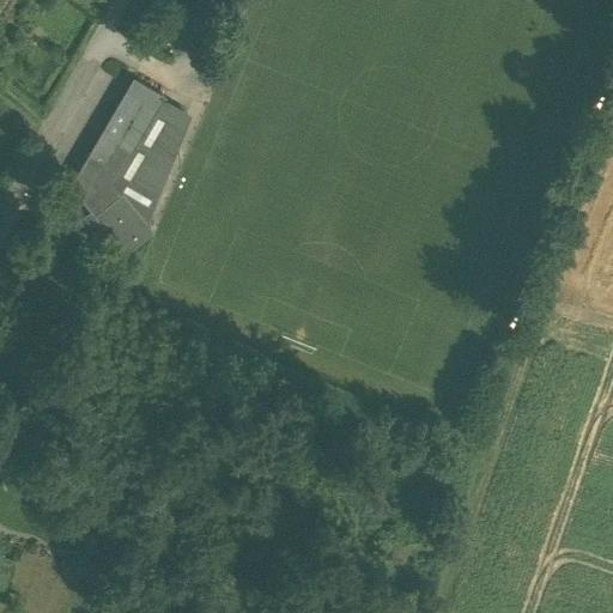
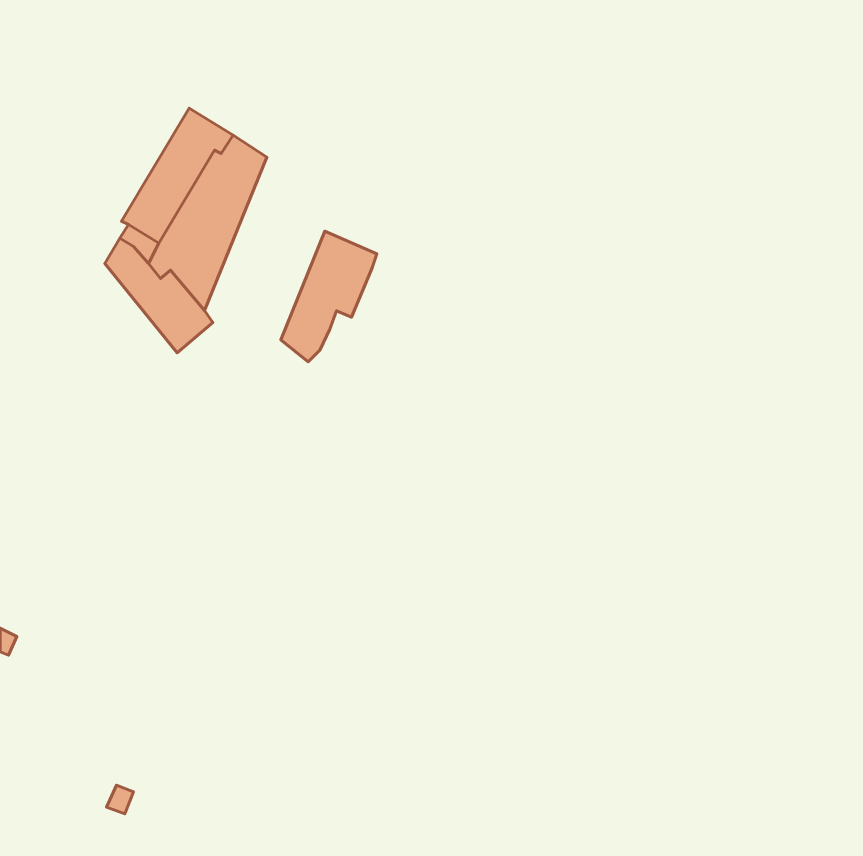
building: none -> [281,231,377,362]

